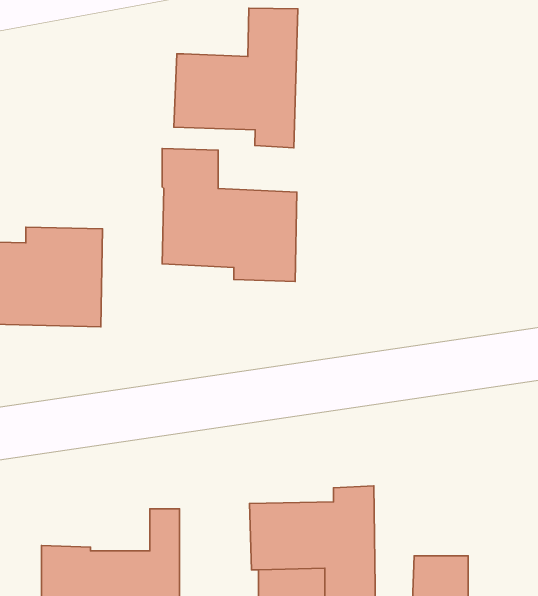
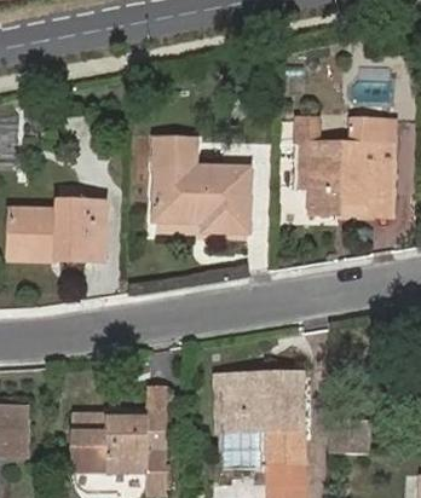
building: [174,8,298,148] -> none
building: none -> [296,118,394,214]

